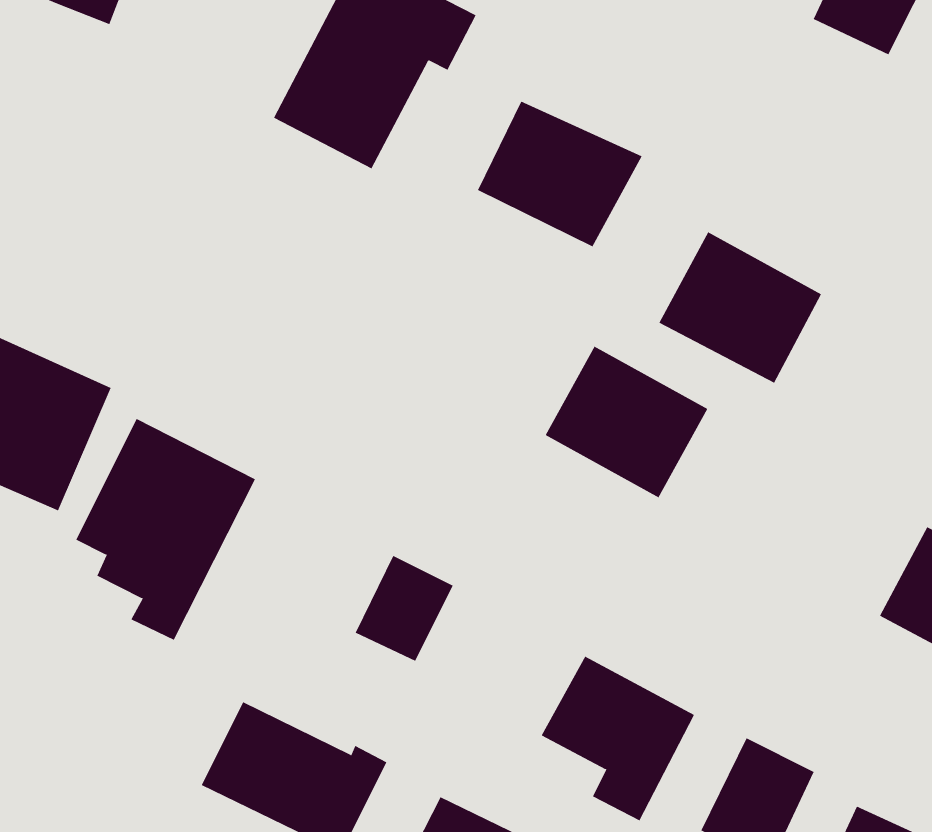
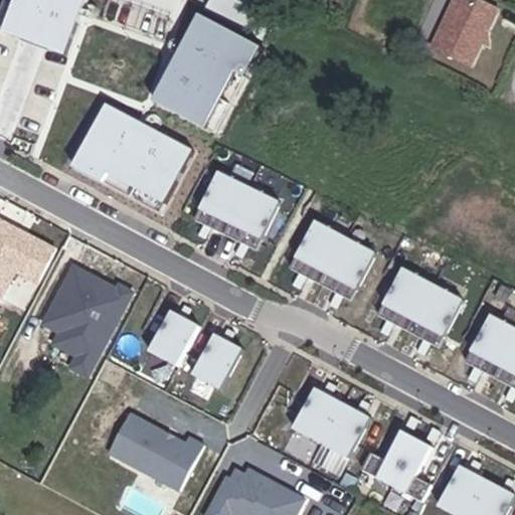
building: [477,101,642,247] -> [194,175,282,252]
building: none -> [68,103,189,204]
building: [659,232,822,384] -> [379,269,466,349]
building: none -> [146,309,201,368]

